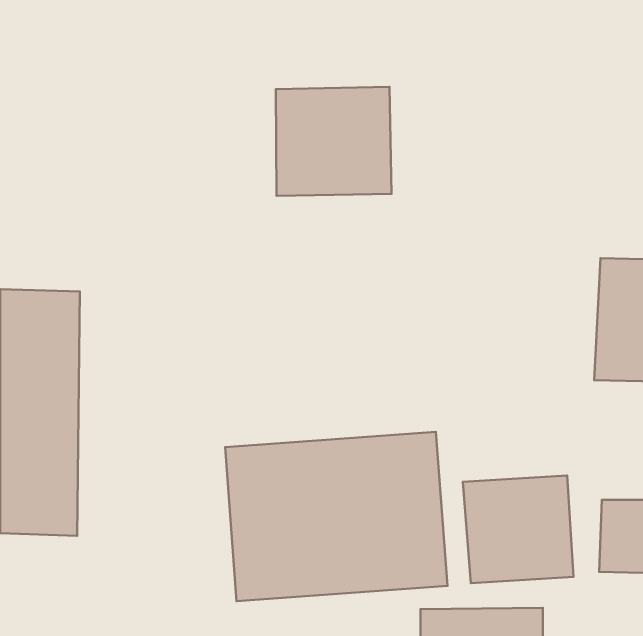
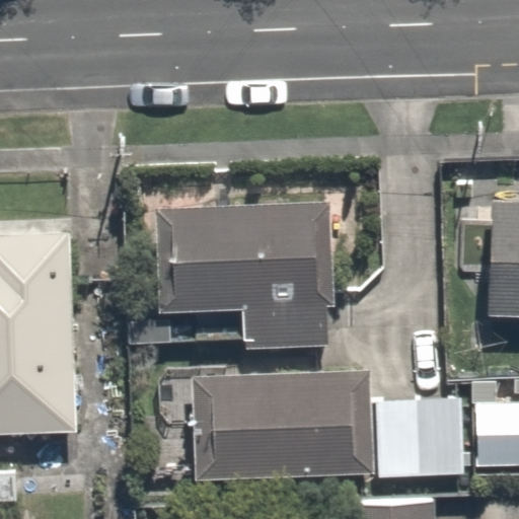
building: [276,87,391,196] -> none
building: none -> [167,202,325,357]

